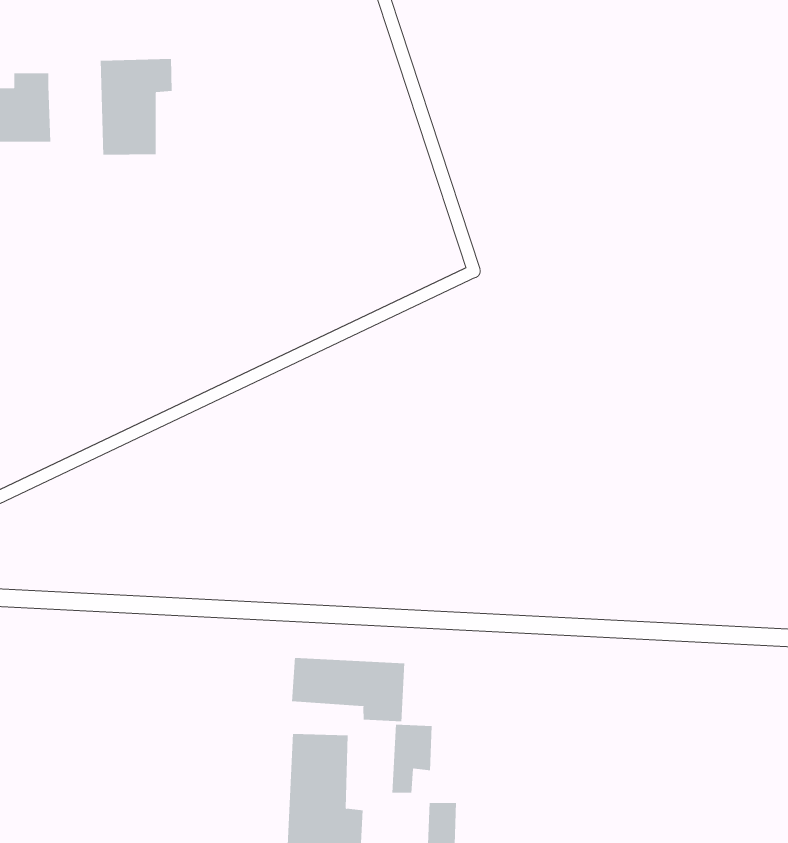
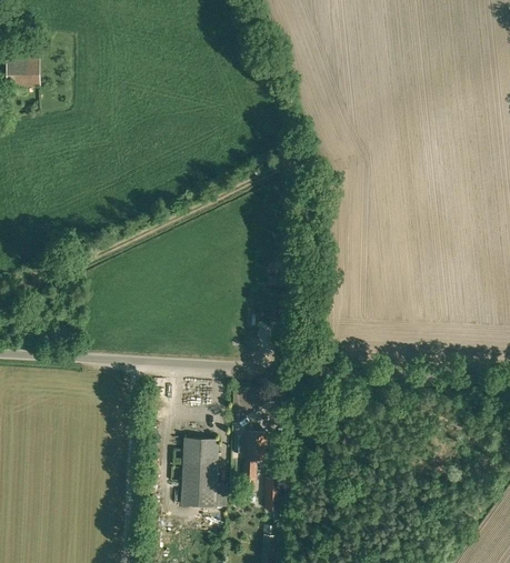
building: [100,58,172,156] -> none
building: [291,657,405,722] -> none

